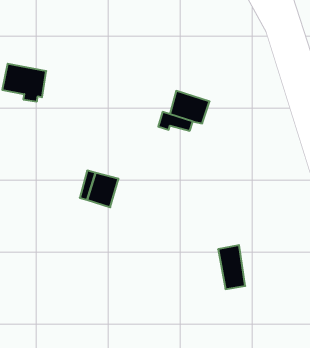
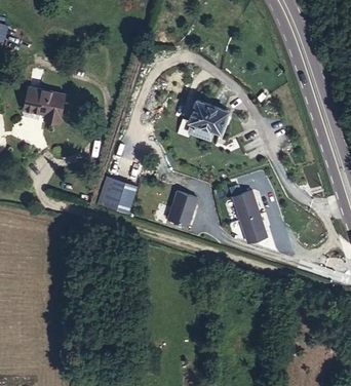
building: none -> [167,198,196,233]
building: [218,245,245,289] -> [238,194,265,237]

